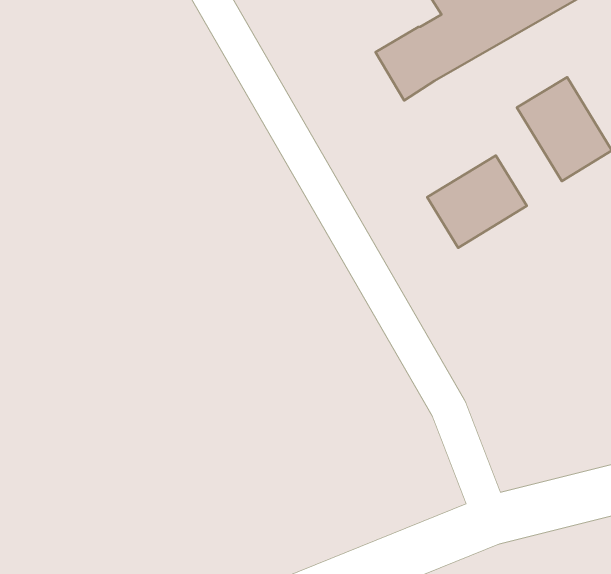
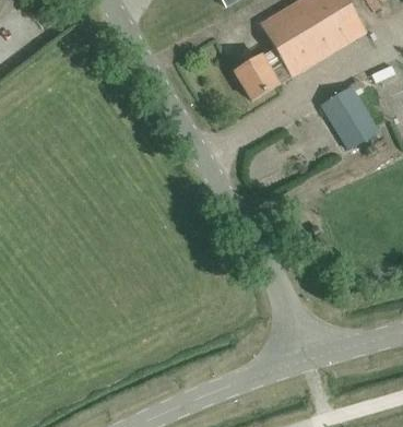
building: [427,155,527,248] -> none

